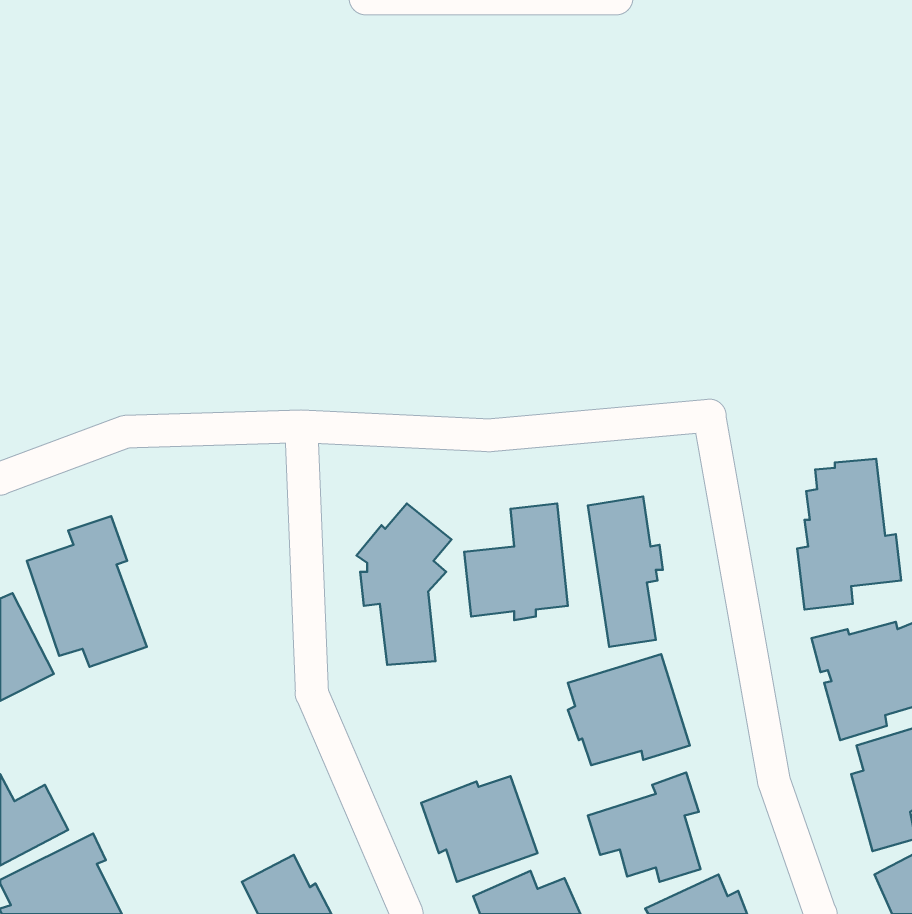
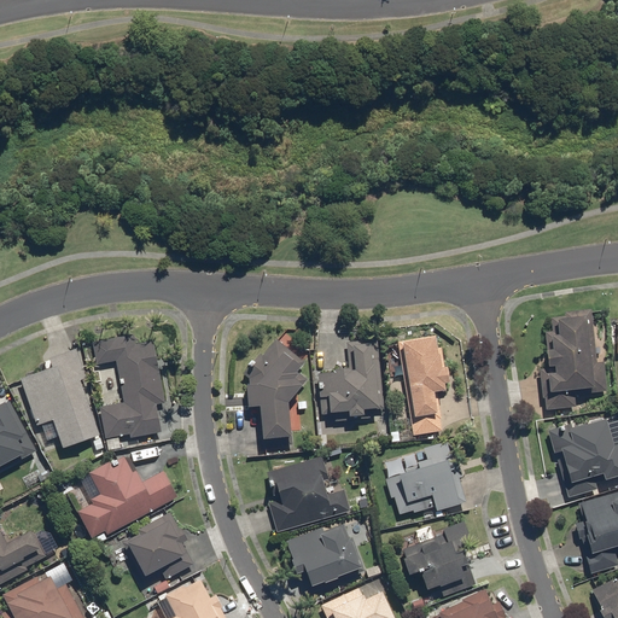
building: none -> [94,334,167,439]
building: none -> [267,455,352,532]
building: none -> [77,456,179,538]
building: none -> [123,511,198,582]

